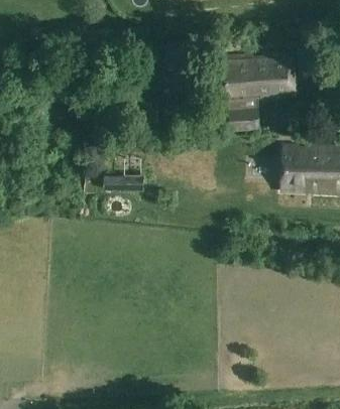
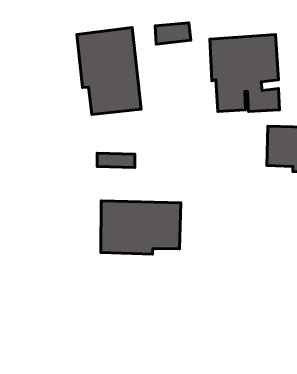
building: none -> [77,27,141,115]
building: none -> [101,201,181,254]

